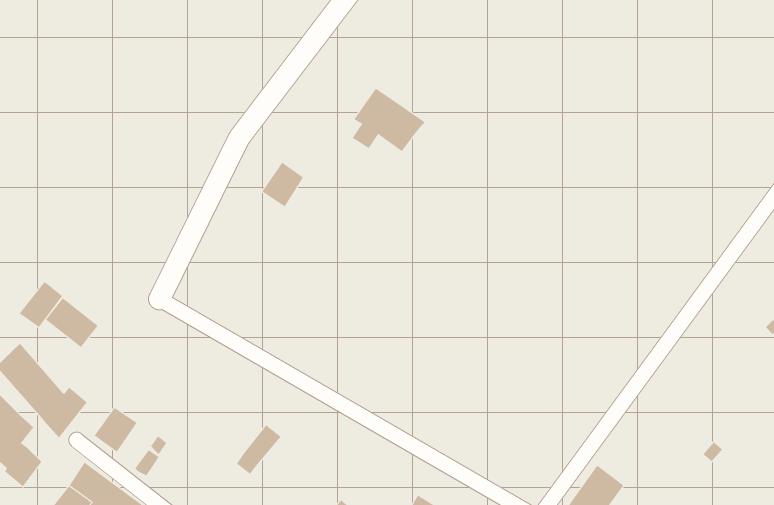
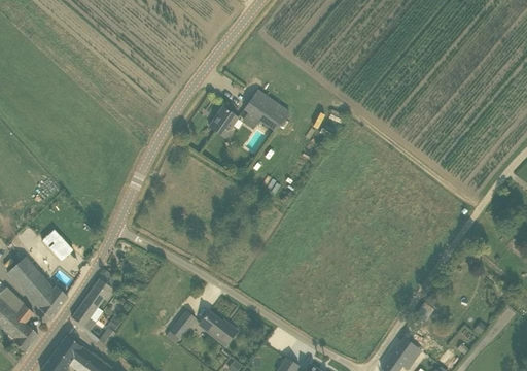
building: [262,162,304,207] -> [209,107,237,137]
building: [19,281,63,328] -> none
building: none -> [85,270,117,307]
building: none -> [200,311,238,345]

